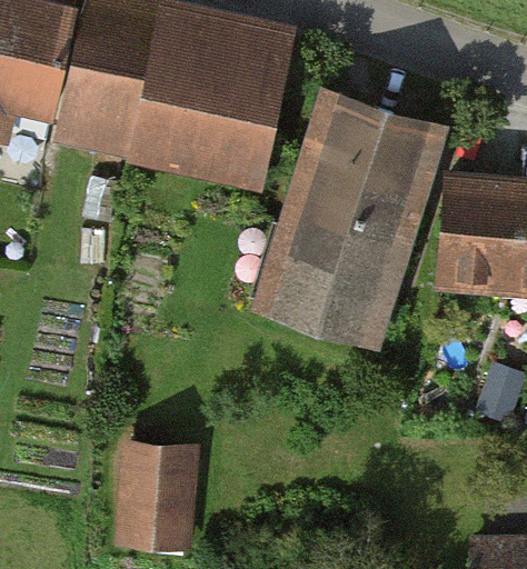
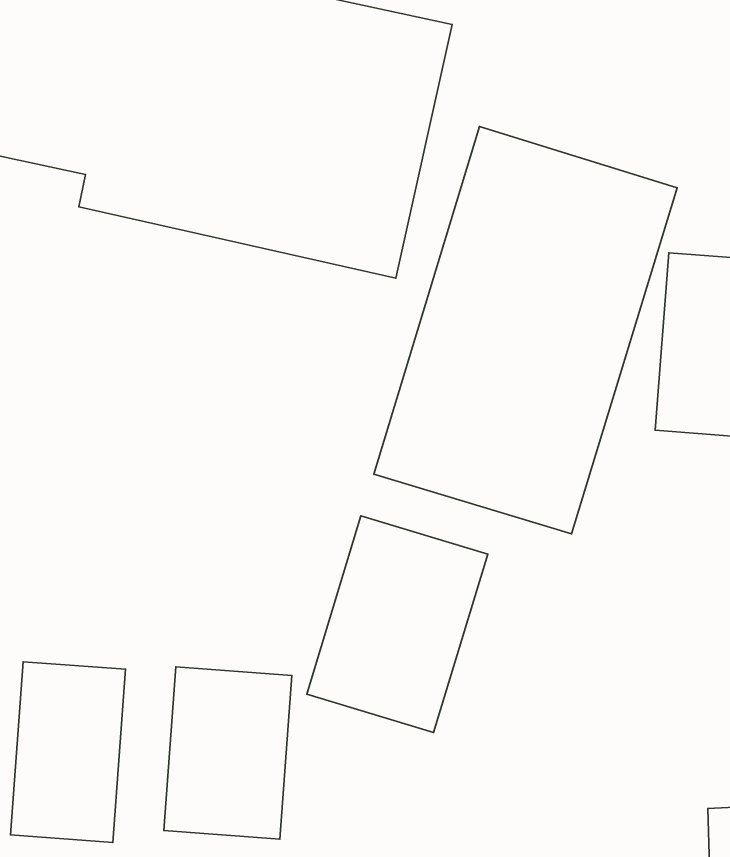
building: none -> [307,516,488,733]
building: none -> [11,662,126,842]

